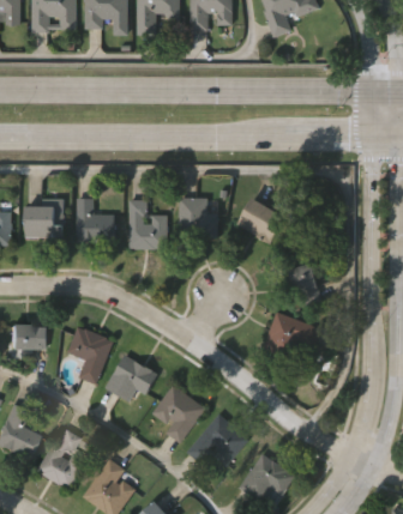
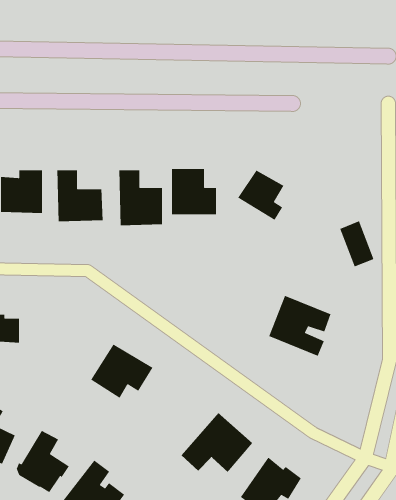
building: [290,265,321,307] -> [339,220,374,267]
building: [67,327,115,387] -> none
building: [151,385,206,443] -> none

